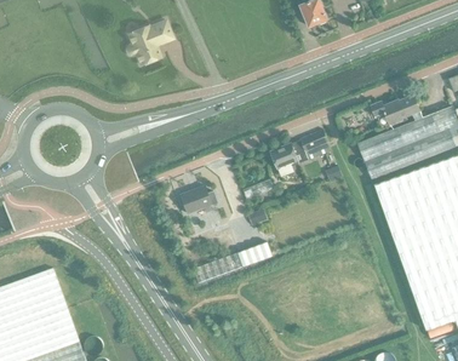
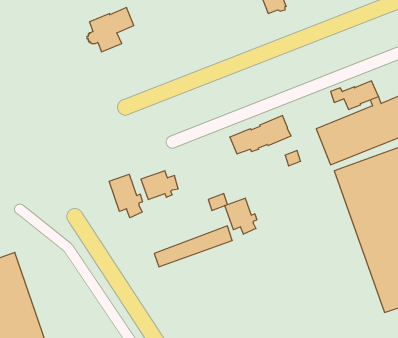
building: none -> [109,174,142,218]
building: none -> [225,198,257,234]

